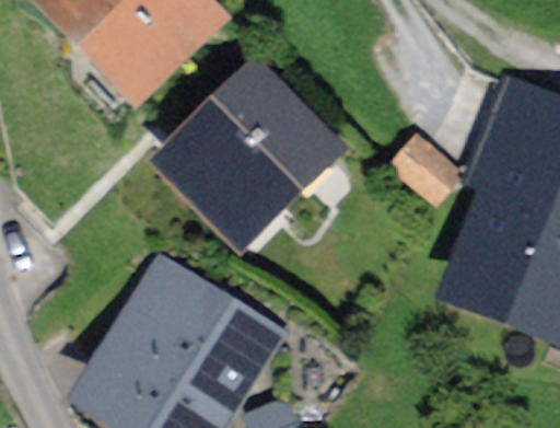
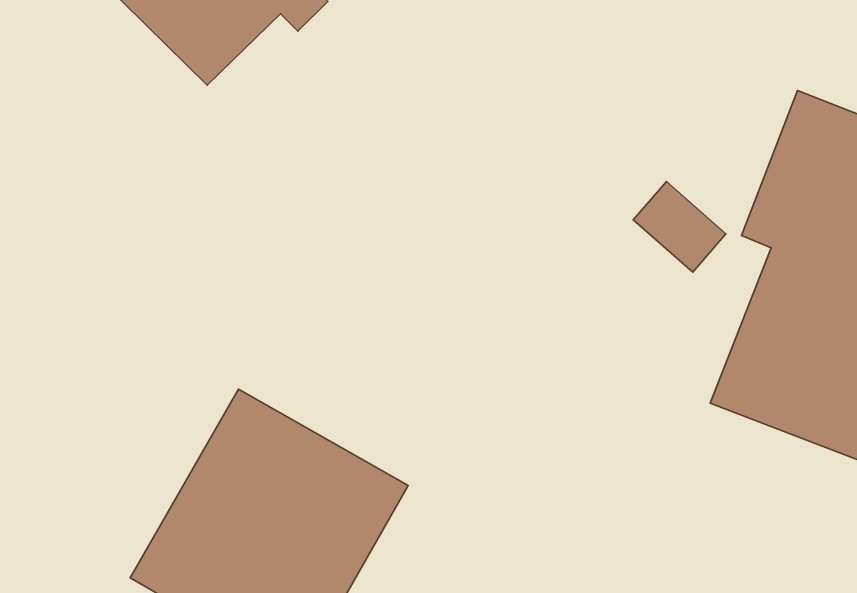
building: [180,80,338,223] -> none

